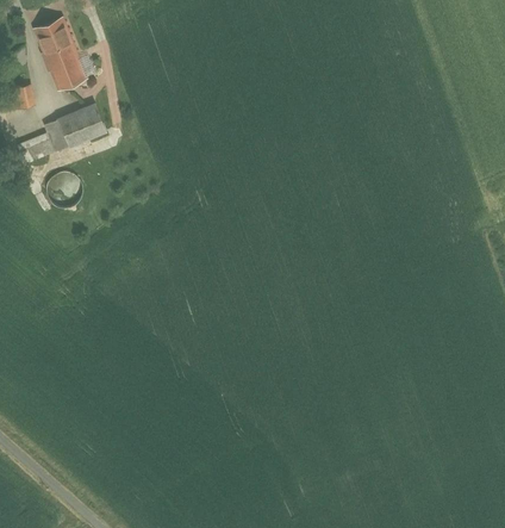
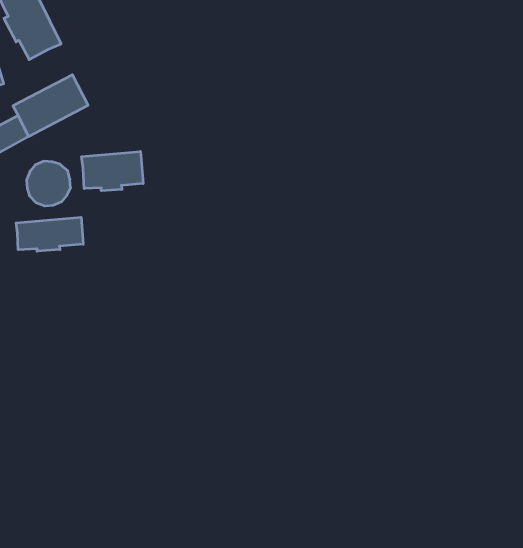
building: none -> [82,151,143,191]
building: none -> [16,217,83,251]

